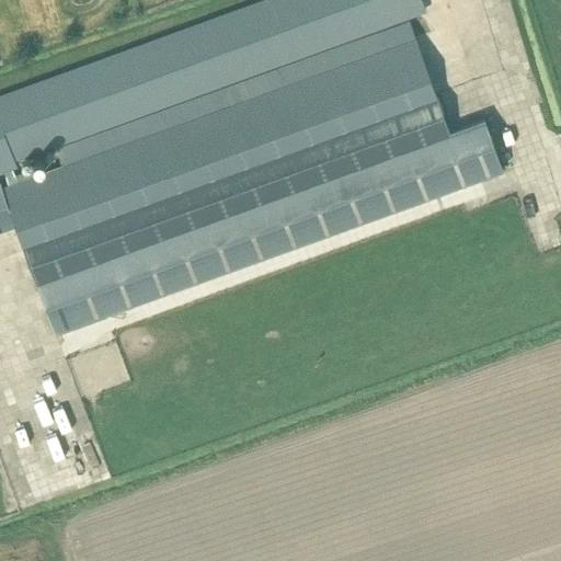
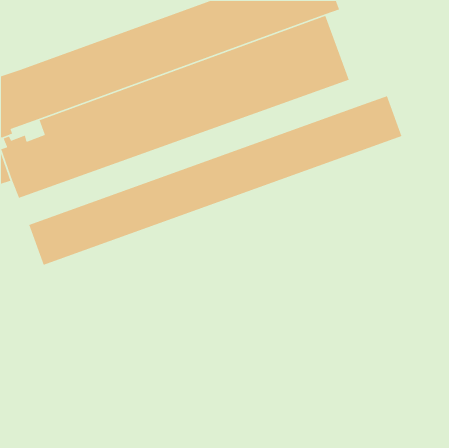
building: [23,102,447,282] -> none

